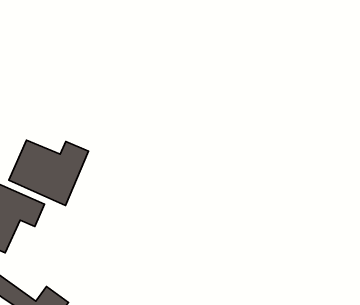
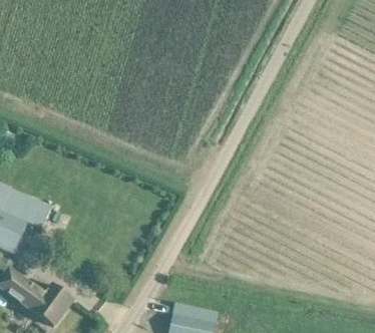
building: [9,140,88,205] -> none

